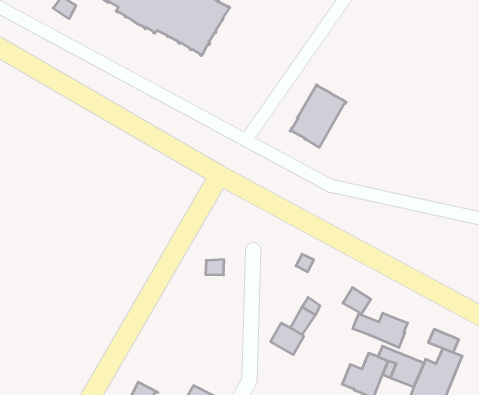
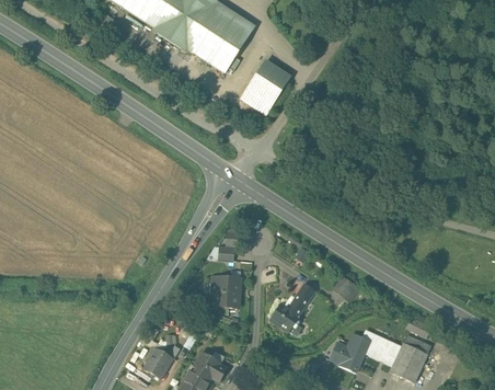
building: [290,85,346,147] -> [241,60,290,114]
building: none -> [215,277,240,308]
building: [353,313,408,348] -> none

